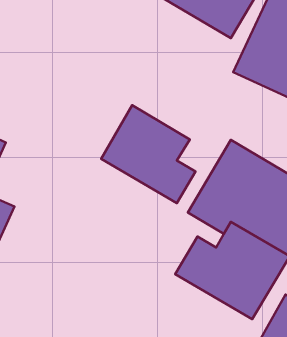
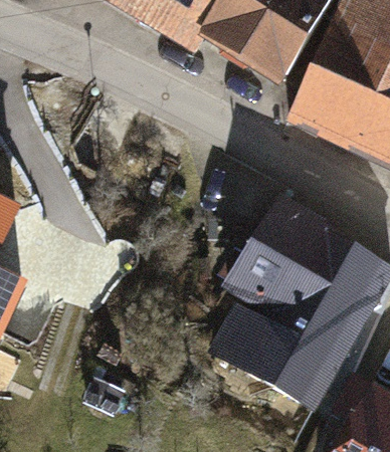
building: [101,105,195,203] -> none

